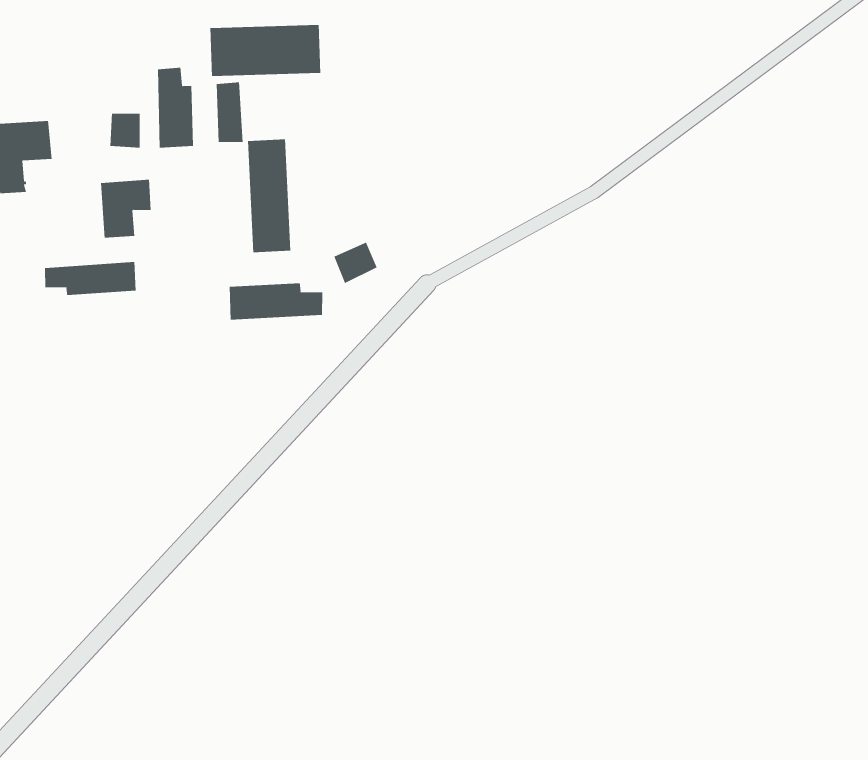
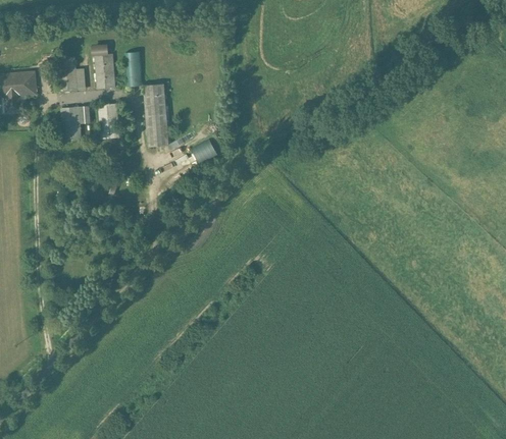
building: [210,24,321,77] -> none
building: [45,261,136,296] -> none
building: [229,283,323,321] -> none

